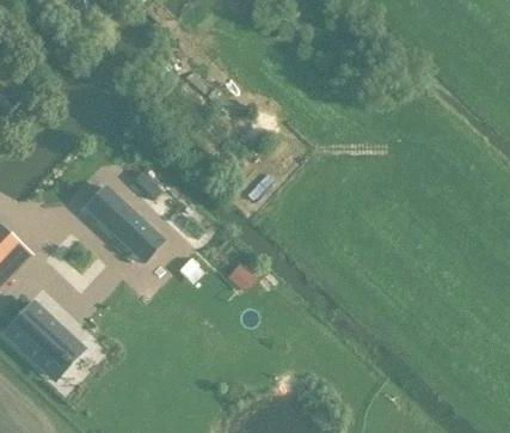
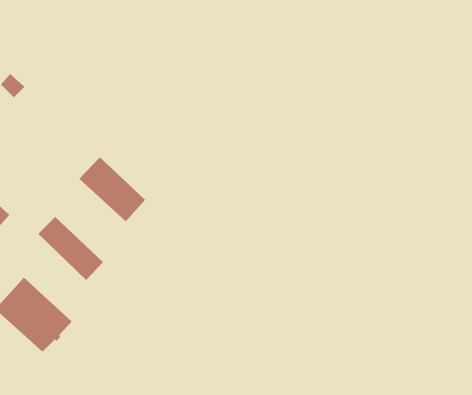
building: none -> [37,216,104,281]

